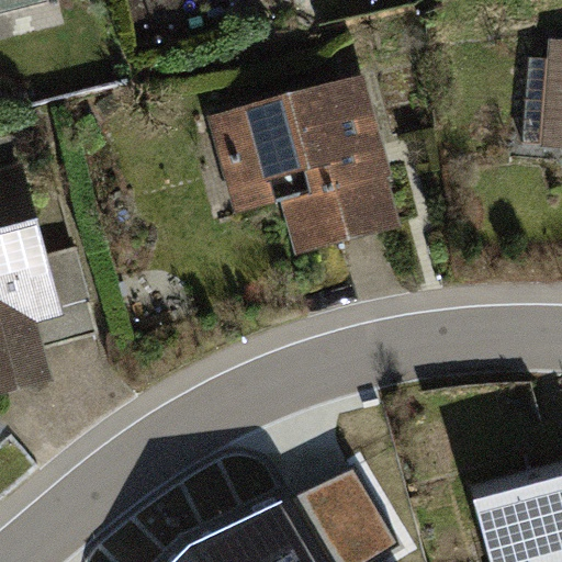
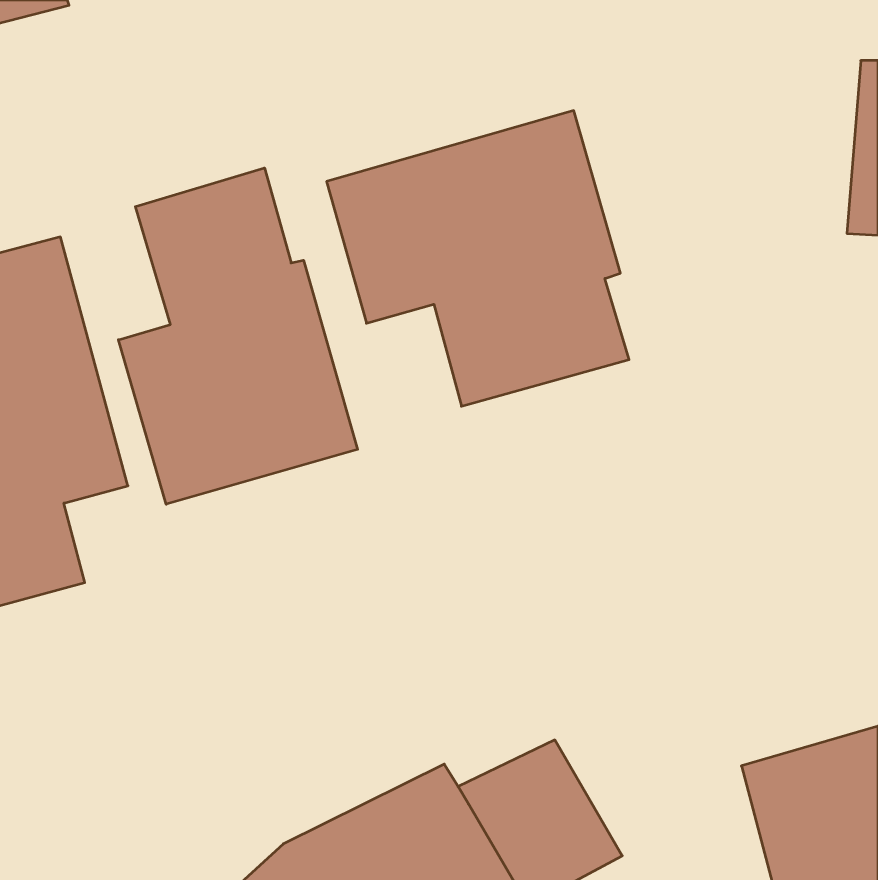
building: none -> [118,168,358,504]

